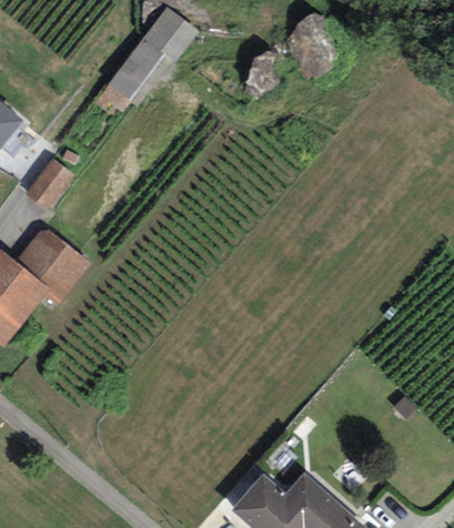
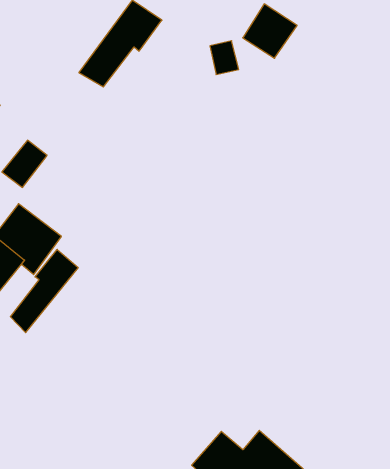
building: none -> [10,249,78,333]

